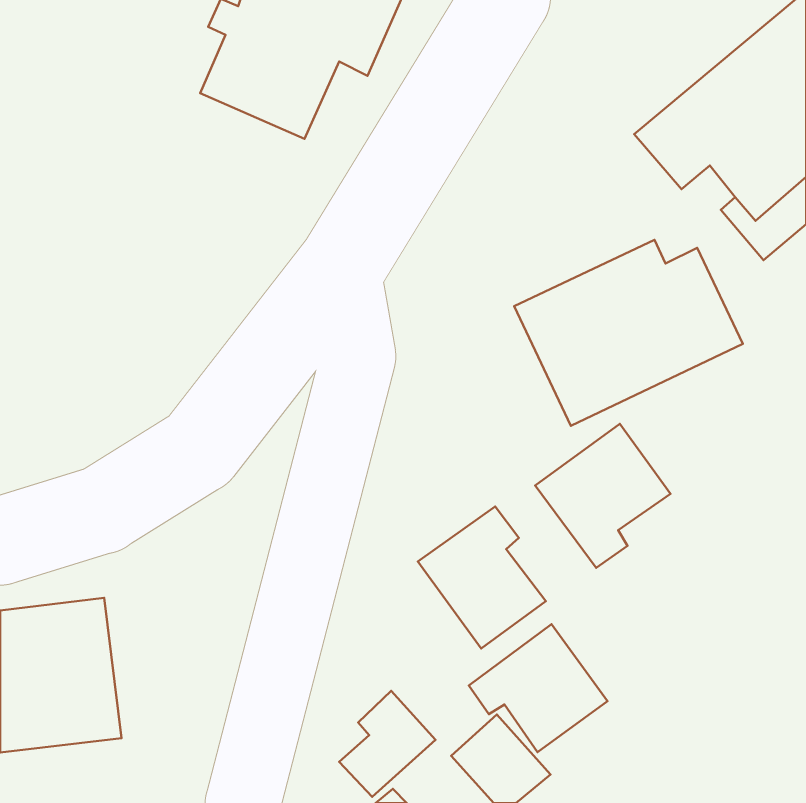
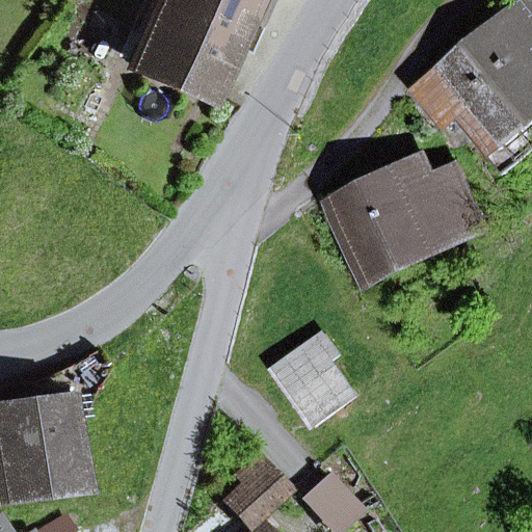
building: [535,424,671,568] -> none
building: [469,624,608,752] -> none

